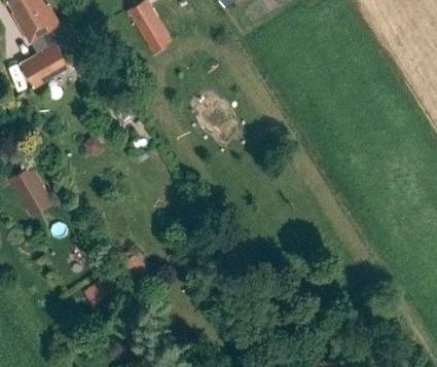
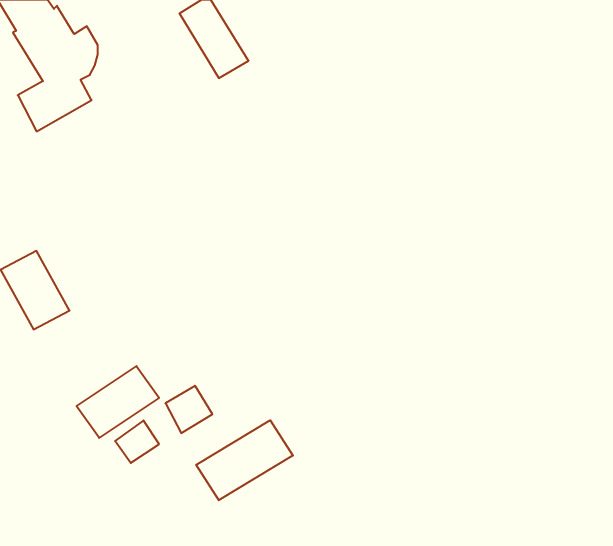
building: none -> [77,366,159,438]
building: none -> [196,420,293,500]

